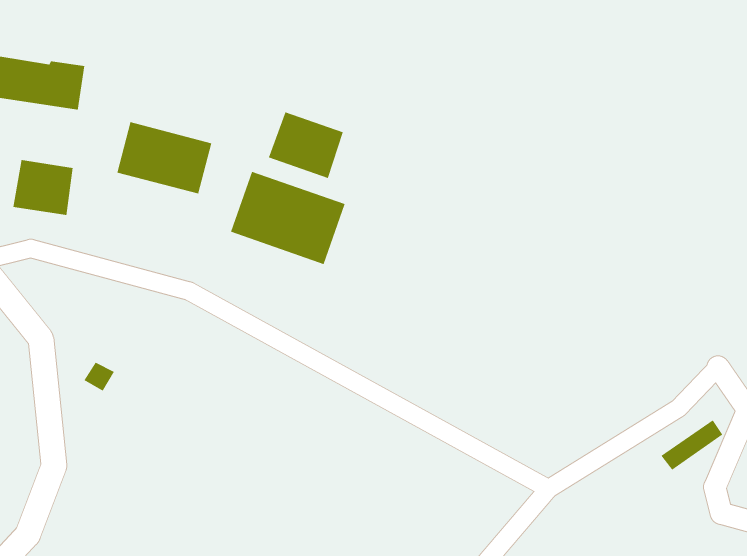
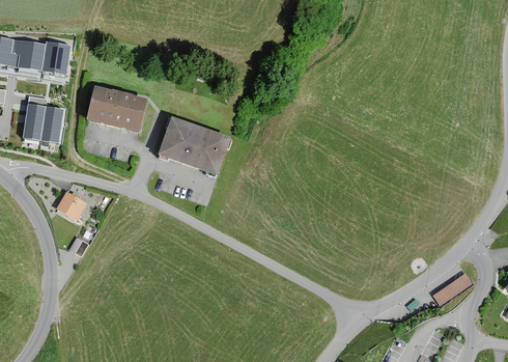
building: [268,112,344,179] -> none
building: none -> [57,190,85,218]

